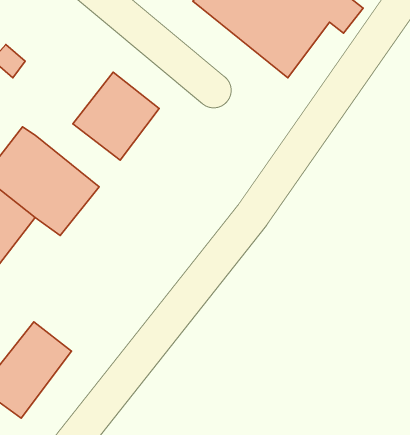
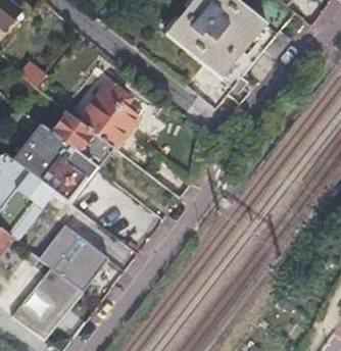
building: none -> [52,110,114,166]
building: none -> [39,222,105,288]

